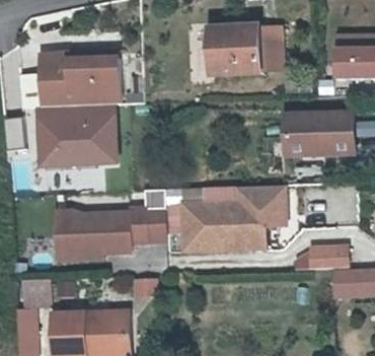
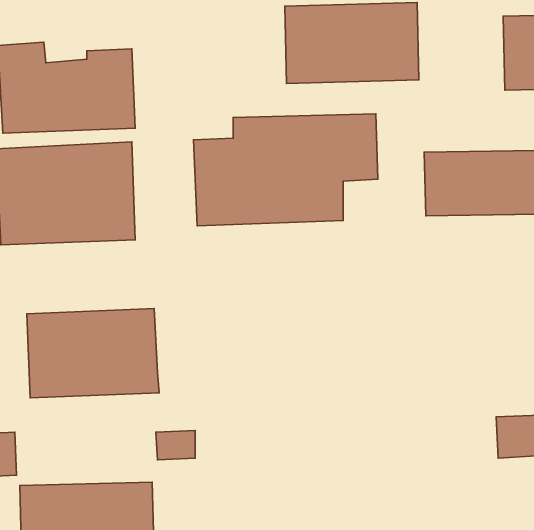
building: [177,187,286,253] -> [194,114,378,226]
building: [129,205,163,244] -> none
building: [306,245,347,267] -> none

